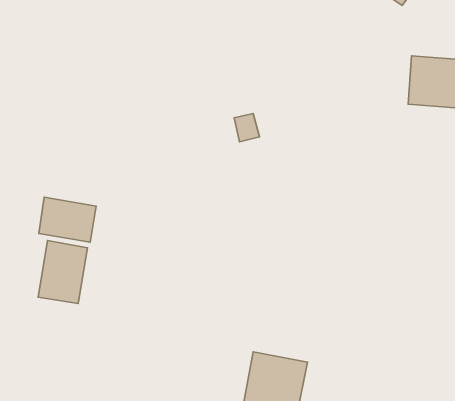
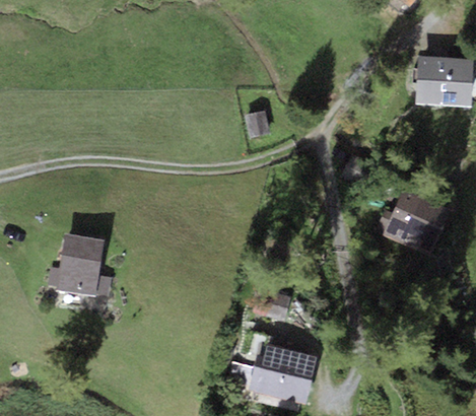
building: none -> [384,191,450,256]
building: [39,197,96,242] -> none

